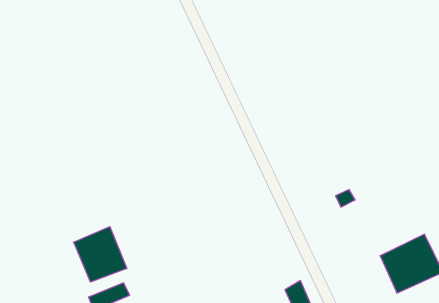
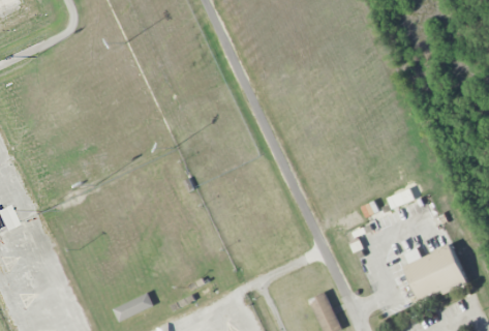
building: [73,227,127,282] -> none

